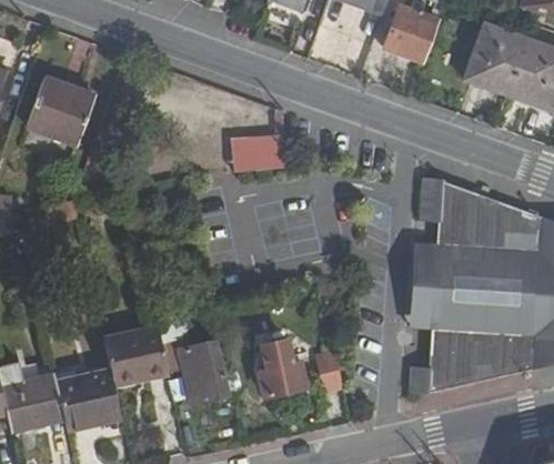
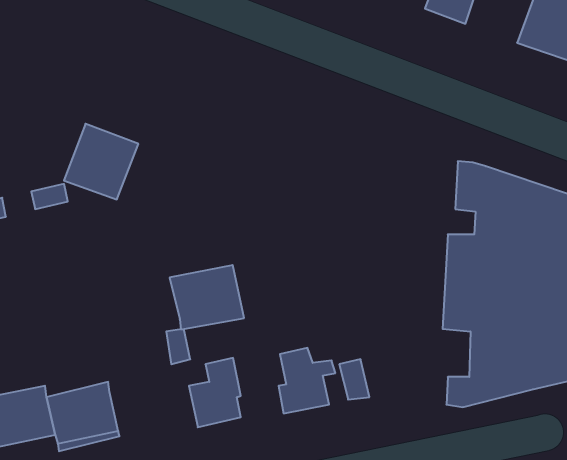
building: [27,74,92,141] -> [64,124,138,199]
building: [228,135,290,172] -> none
building: [102,326,168,383] -> [170,265,244,329]

